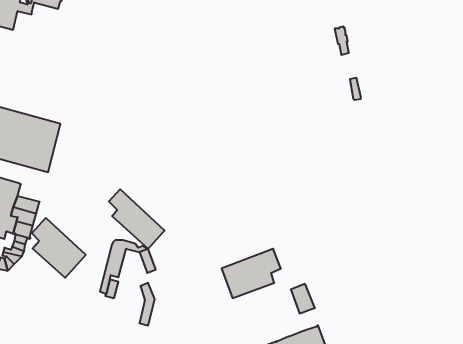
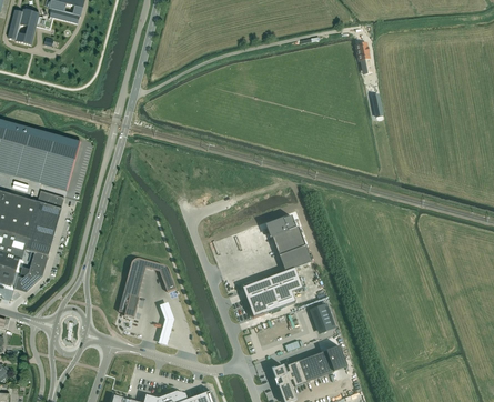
building: none -> [36,190,63,219]
building: [109,189,165,249] -> none
building: none -> [266,214,312,270]
building: [32,218,86,278] -> none

